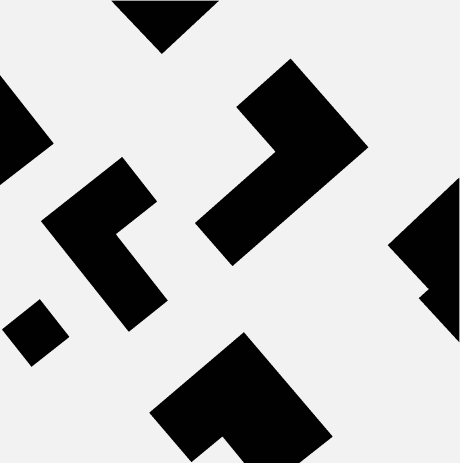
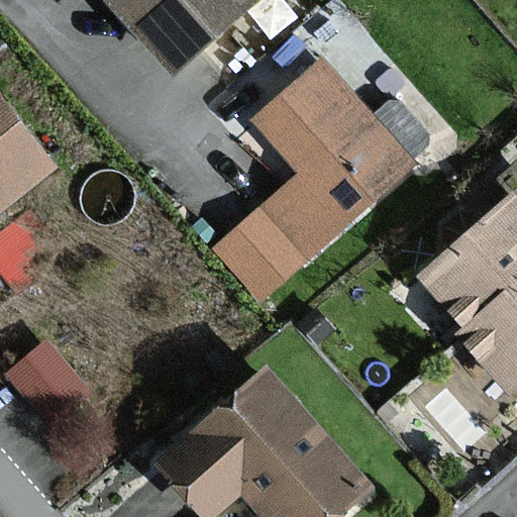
building: [40,156,169,333] -> none

